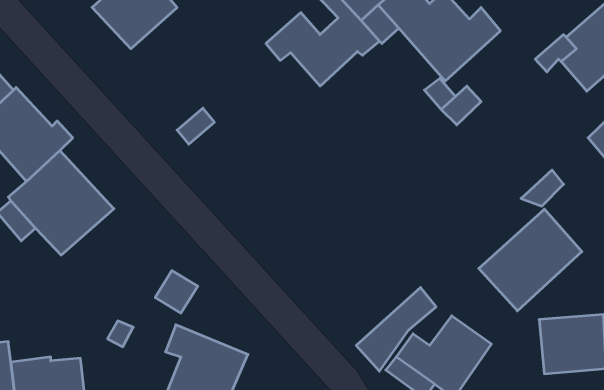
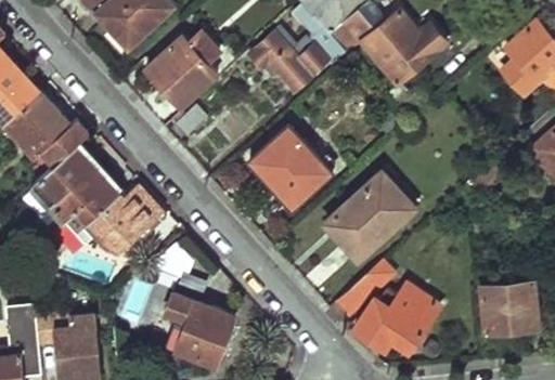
building: none -> [145,34,218,109]
building: none -> [248,126,333,210]
building: none -> [78,186,165,255]
building: [479,209,582,311] -> [327,171,414,257]

